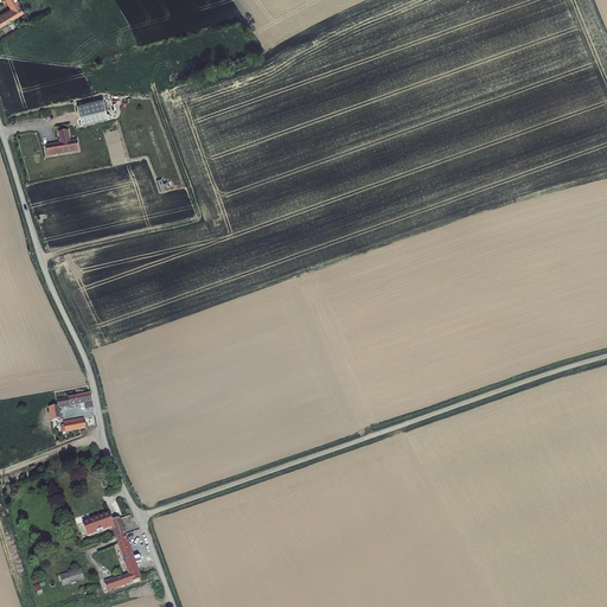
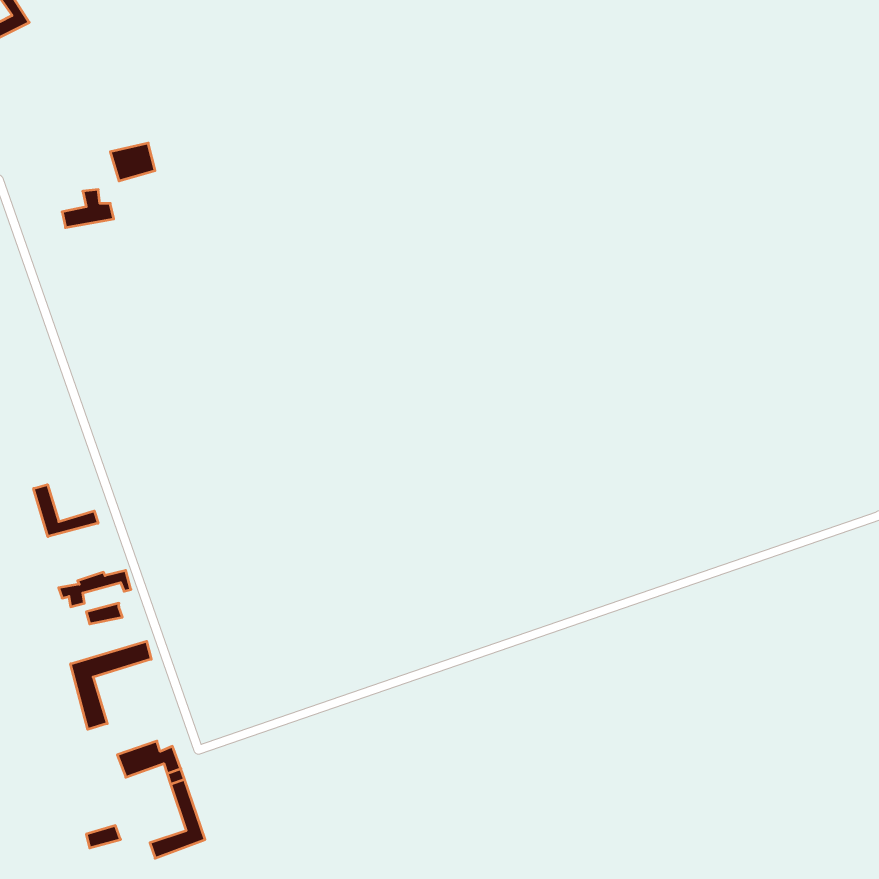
building: none -> [34,485,98,537]
building: none -> [71,641,151,729]

